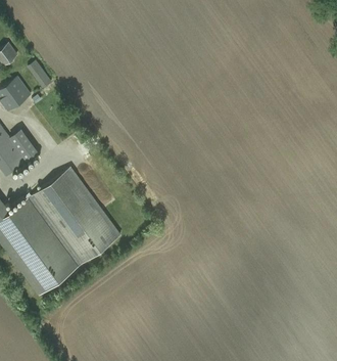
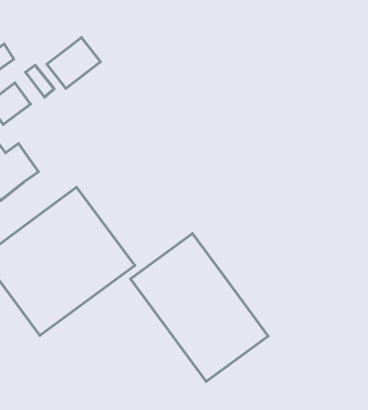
building: none -> [47,38,101,88]
building: none -> [130,233,268,382]

